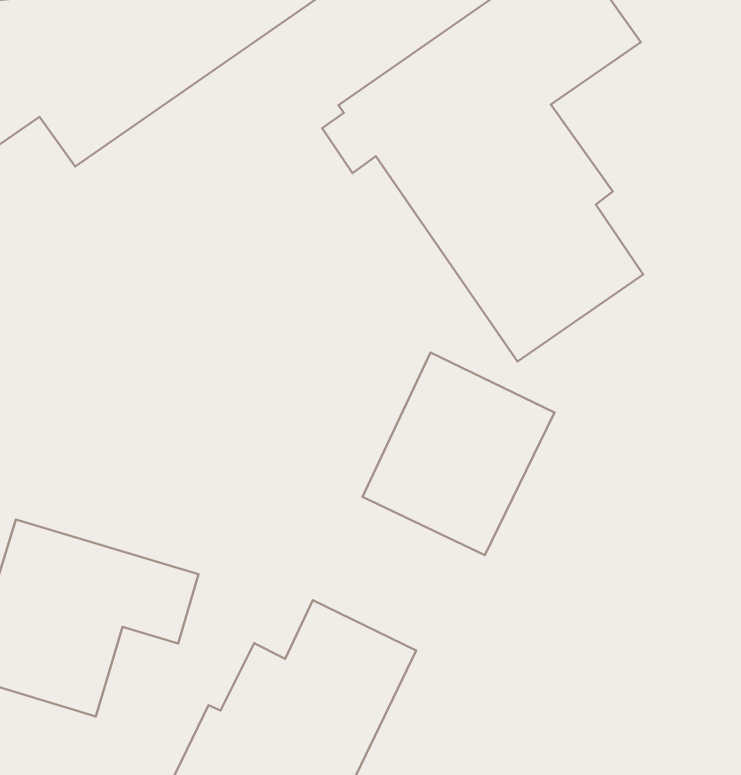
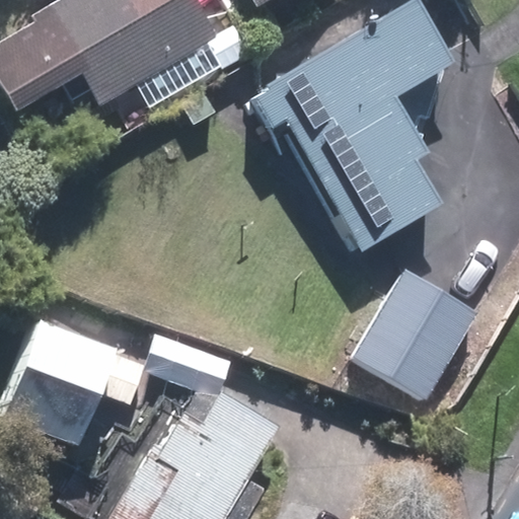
building: [363,352,555,555] -> [359,272,481,399]

